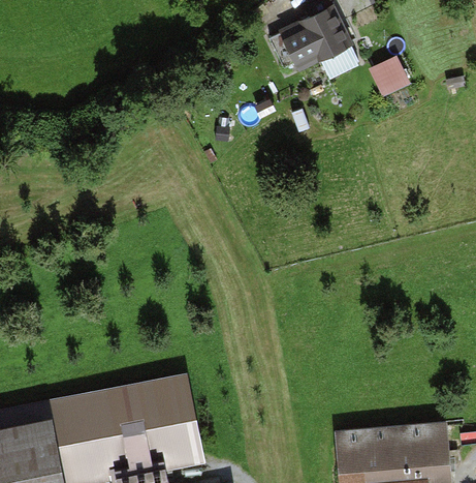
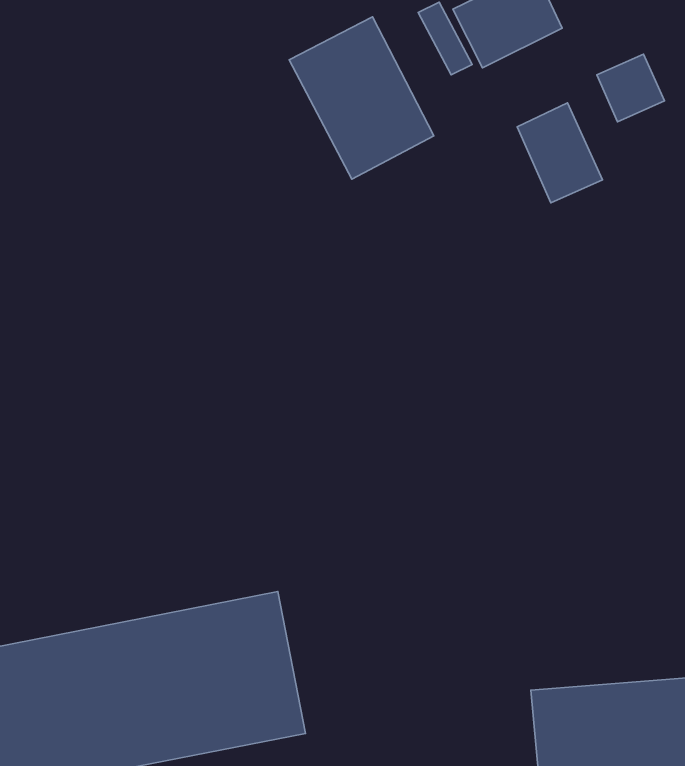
building: none -> [289,17,434,179]
building: none -> [517,103,602,203]

